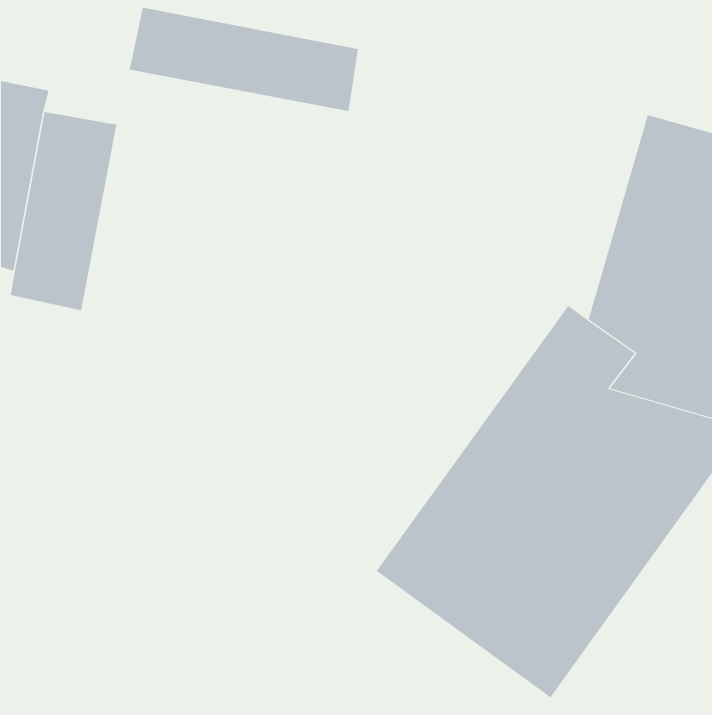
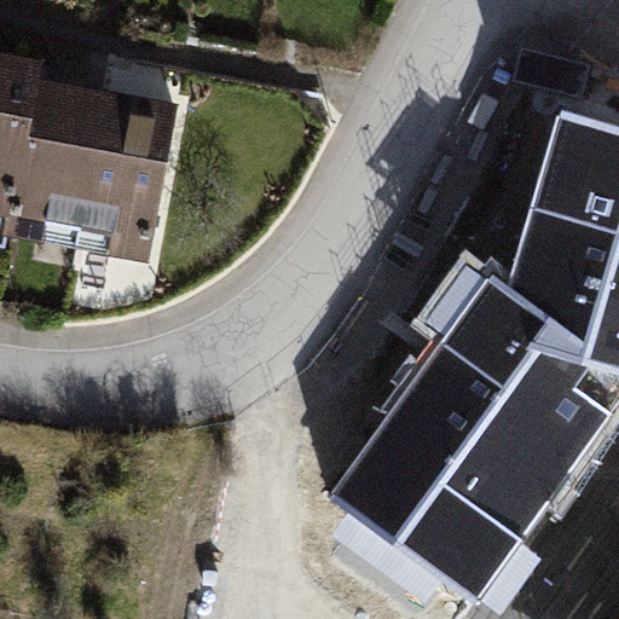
building: [129,7,359,112] -> none
building: none -> [79,106,177,278]

